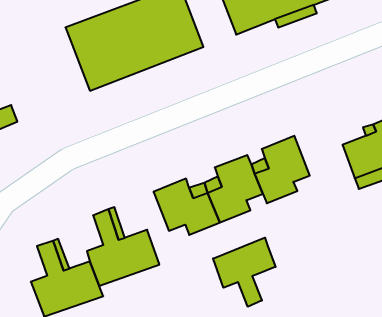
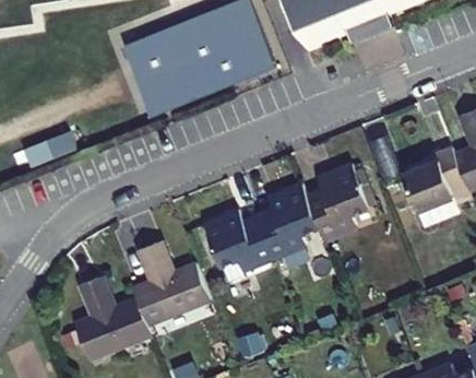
building: [213,238,276,307] -> none

